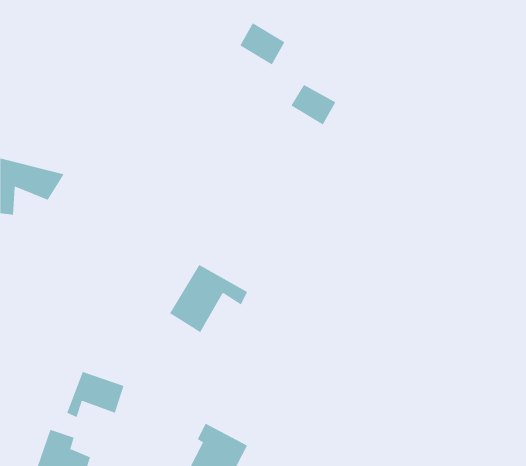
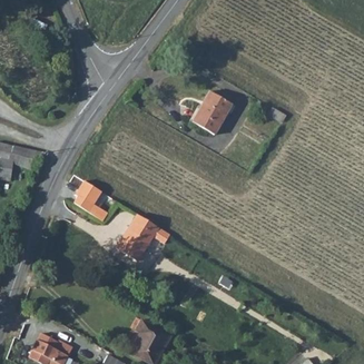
building: [239,23,285,65] -> [190,107,222,136]
building: none -> [75,183,109,223]
building: [67,371,124,418] -> none

